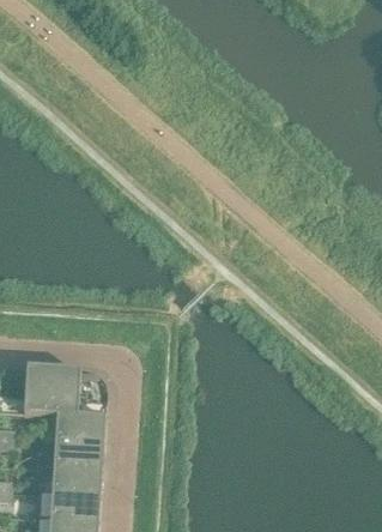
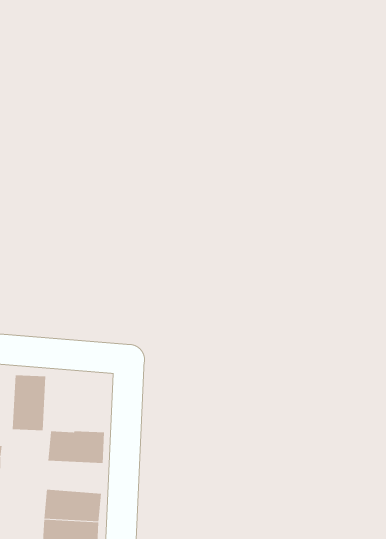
building: [49,365,79,415] -> none
building: [51,440,102,468] -> none

